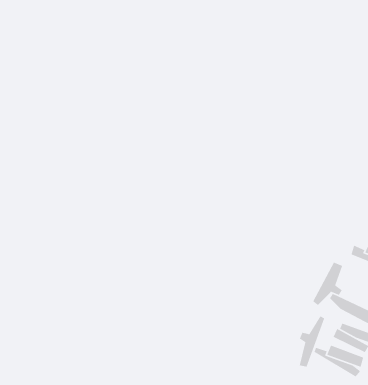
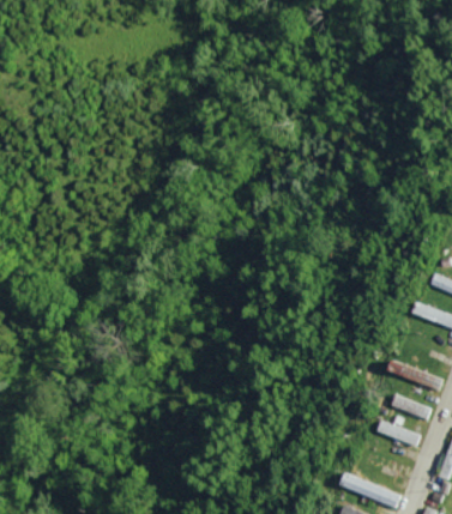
building: [312,262,343,306] -> none
building: [299,315,325,368] -> none

